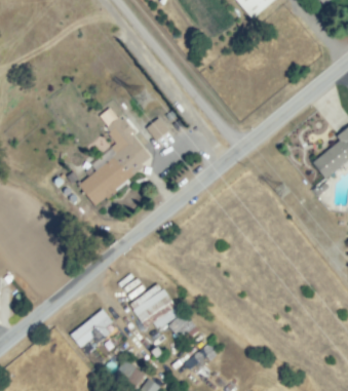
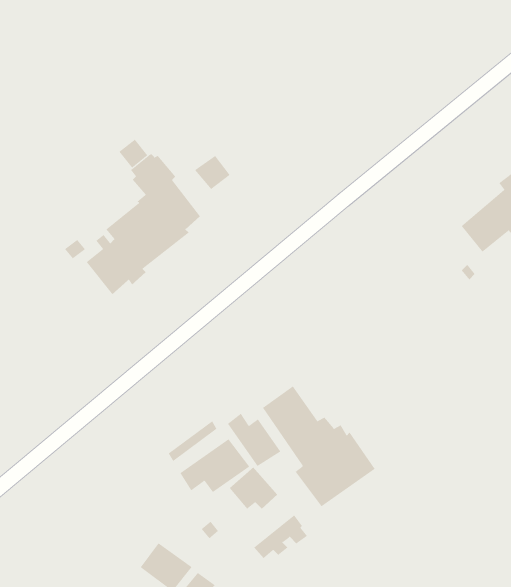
building: none -> [262,386,376,507]
building: none -> [227,413,281,467]
building: [71,309,112,347] -> none

